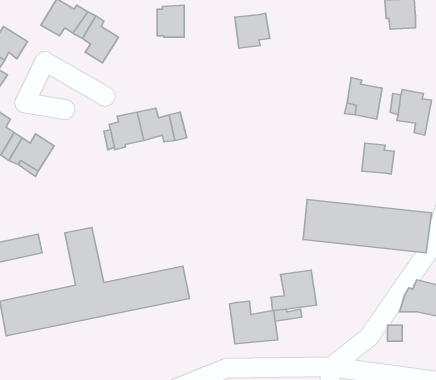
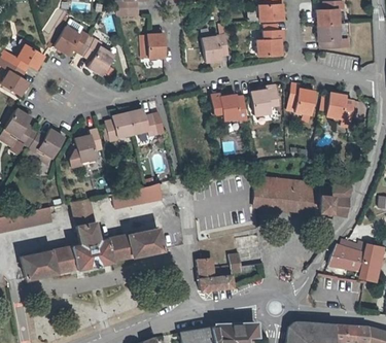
building: none -> [257,31,285,57]
building: none -> [250,84,277,115]
building: none -> [210,92,247,122]
building: none -> [73,129,101,162]
building: [362,143,394,174] -> none
building: none -> [113,182,163,209]

